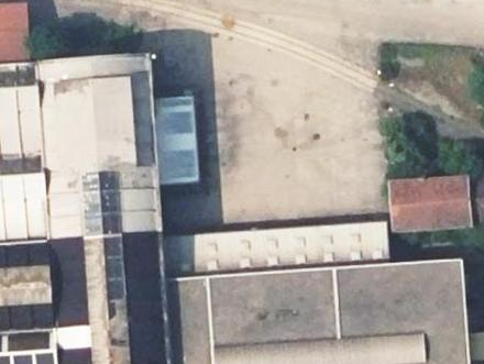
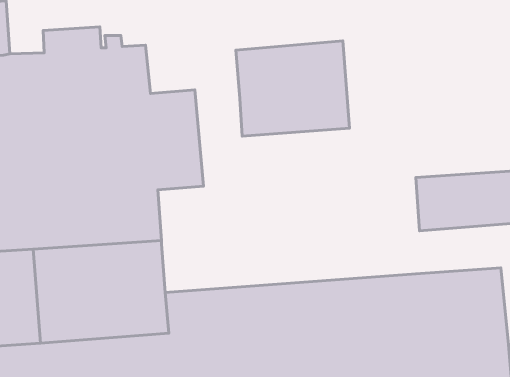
building: none -> [236,41,349,136]
building: [160,220,386,282] -> none

